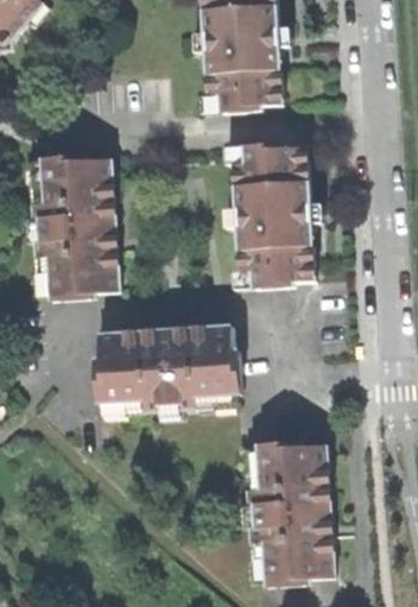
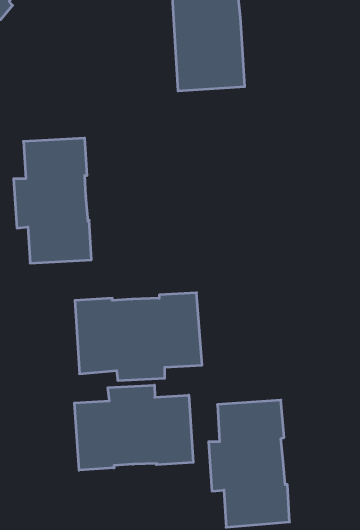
building: [235,144,316,284] -> none
building: none -> [74,385,193,470]

